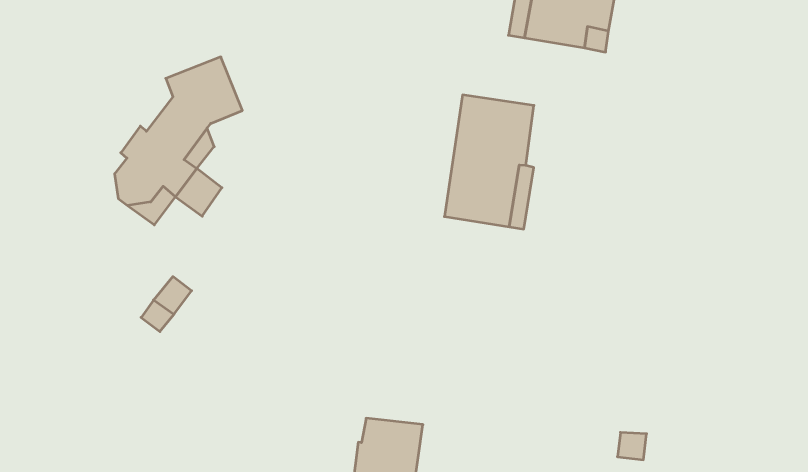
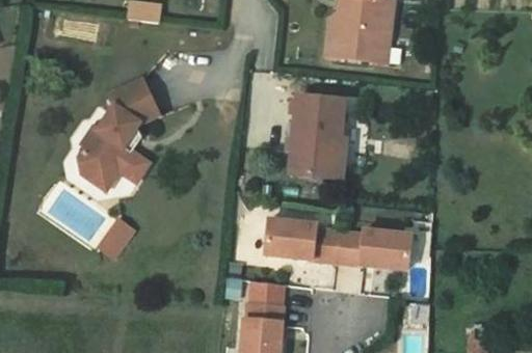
building: none -> [264,219,410,270]
building: none -> [247,280,285,306]

